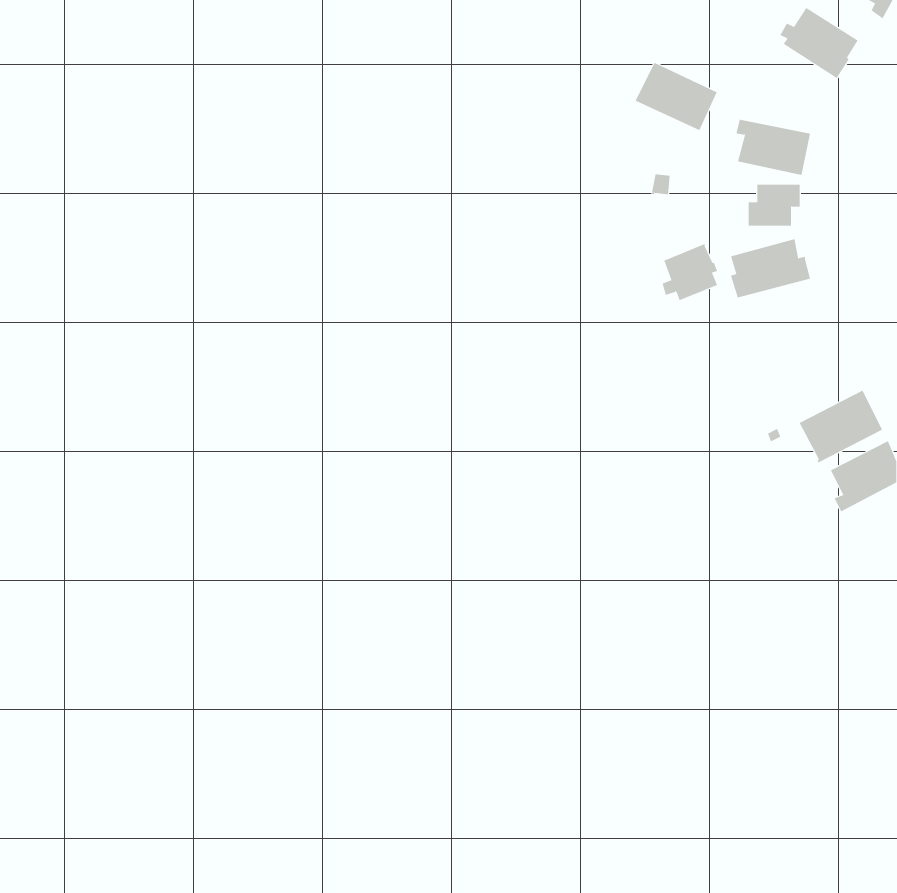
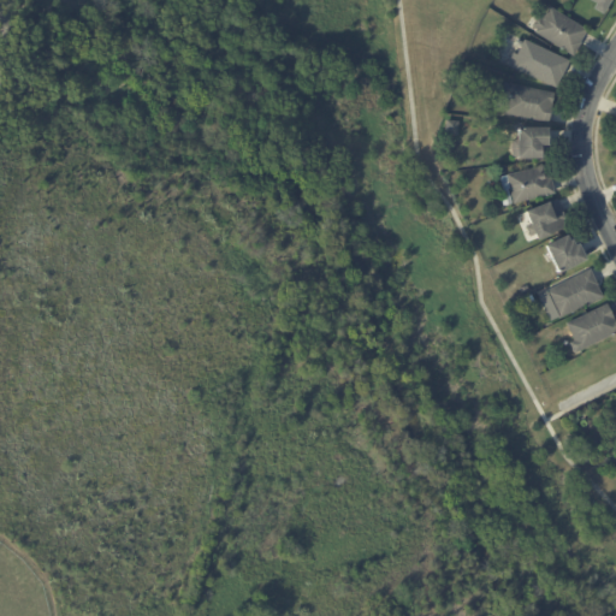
building: [635,62,717,131] -> [513,40,569,87]
building: [662,243,718,301] -> [526,199,564,238]
building: none -> [546,235,587,272]

